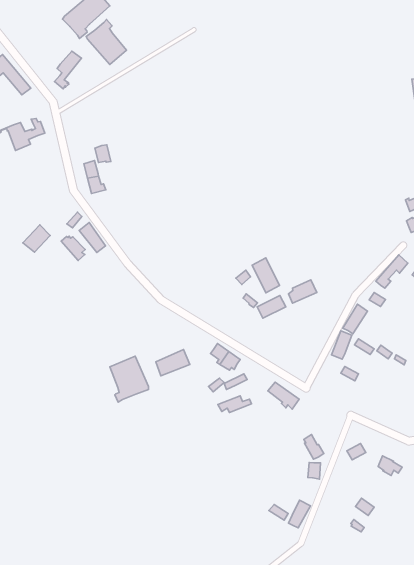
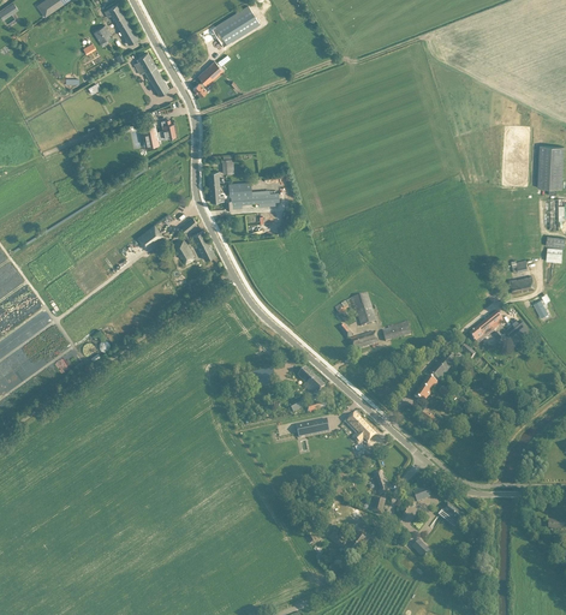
building: [86,19,126,65] -> none
building: none -> [227,183,278,209]
building: [110,356,149,402] -> none

